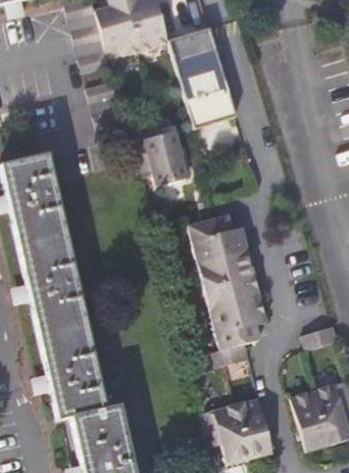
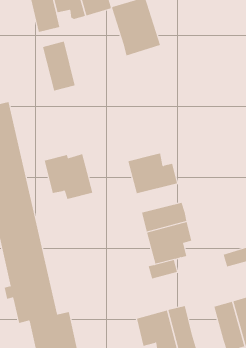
building: [186,86,236,129] -> none
building: [128,130,187,185] -> [44,154,93,200]
building: [198,251,253,286] -> none

